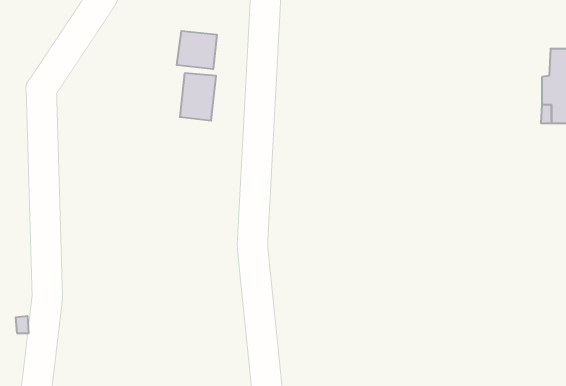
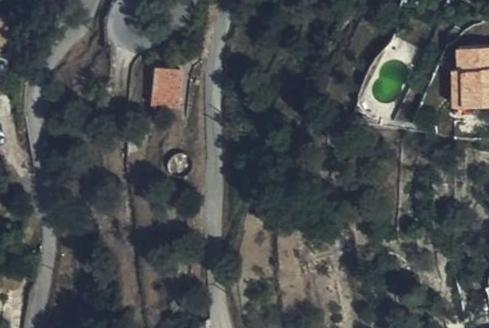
building: [177,31,217,69] -> none

